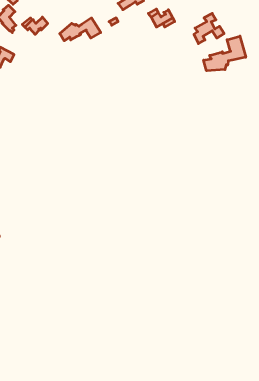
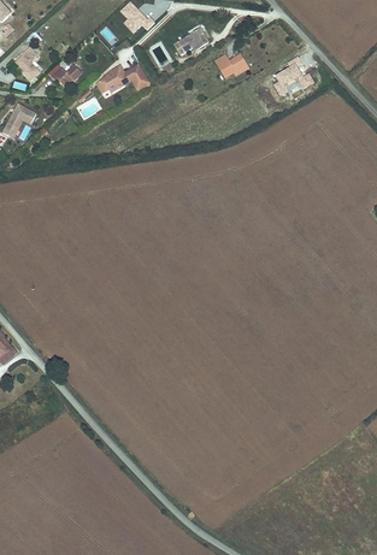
building: [204,36,246,71] -> none

